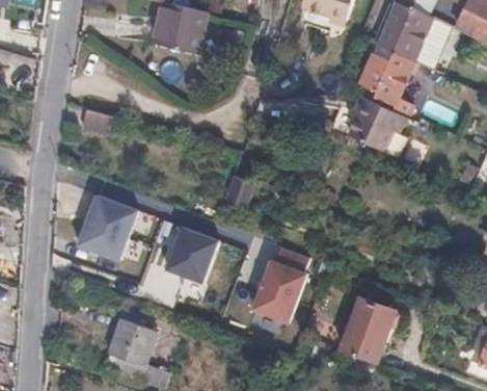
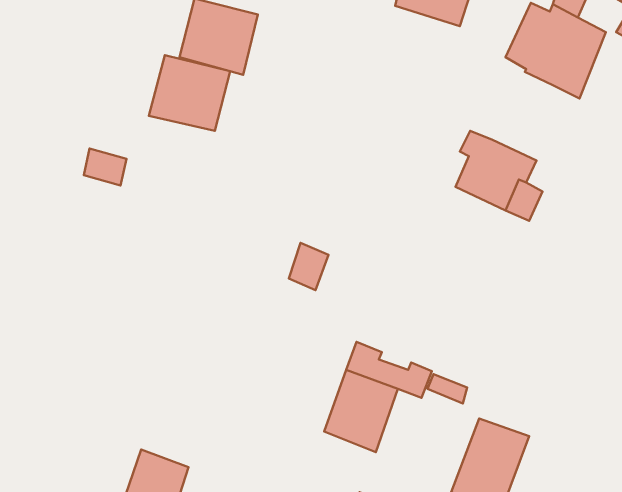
building: none -> [149,55,230,131]
building: [360,53,412,114] -> none
building: [78,193,138,259] -> none
building: [166,226,218,282] -> none

